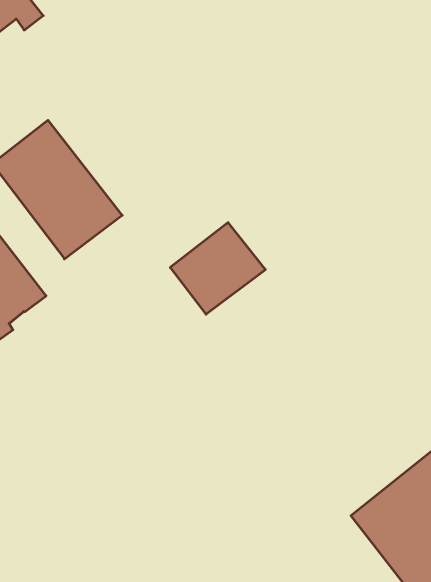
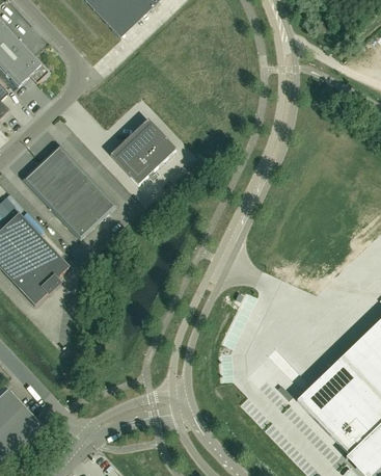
building: [170,223,265,314] -> [110,118,176,184]

